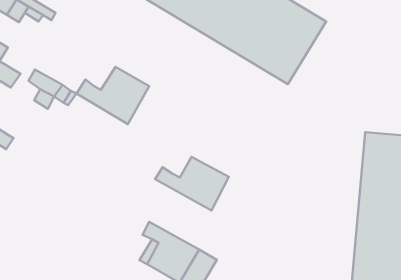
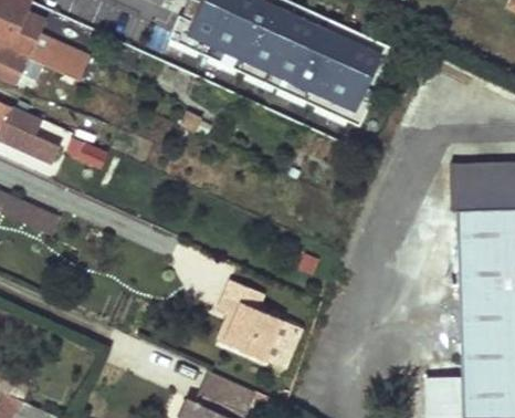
building: [76,67,149,124] -> none
building: [155,157,229,211] -> none

